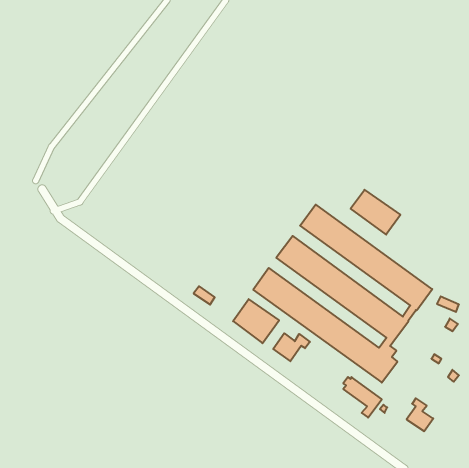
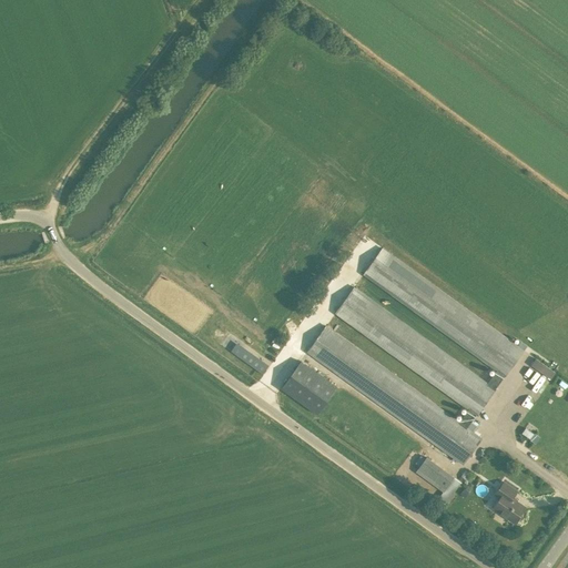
building: [351,190,400,235] -> none
building: [273,333,310,361] -> none

